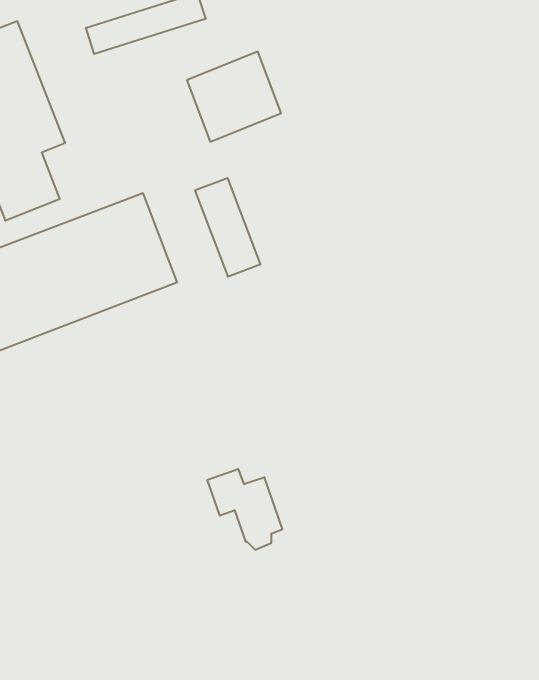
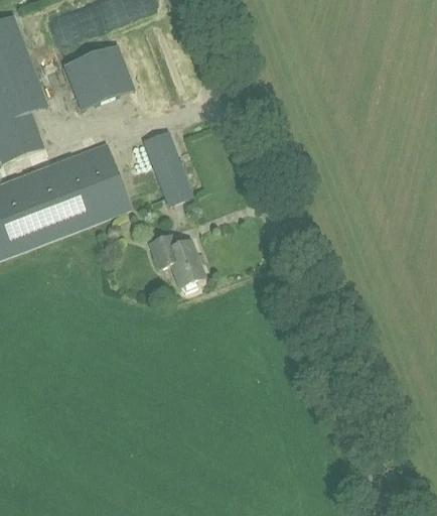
building: [187,52,281,142] -> [63,44,133,111]
building: [207,469,282,550] -> [149,233,204,292]

